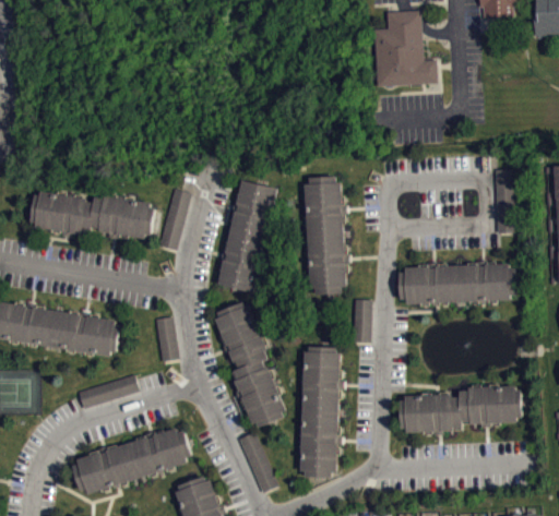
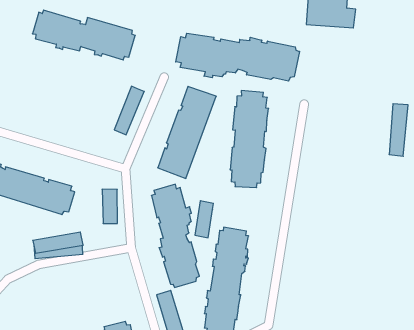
building: none -> [176,33,300,81]
building: [31,191,156,239] -> [32,10,135,60]
building: [399,263,518,304] -> none
building: [353,298,370,341] -> [195,201,213,238]
building: [399,385,521,434] -> none
building: [72,427,191,493] -> none

